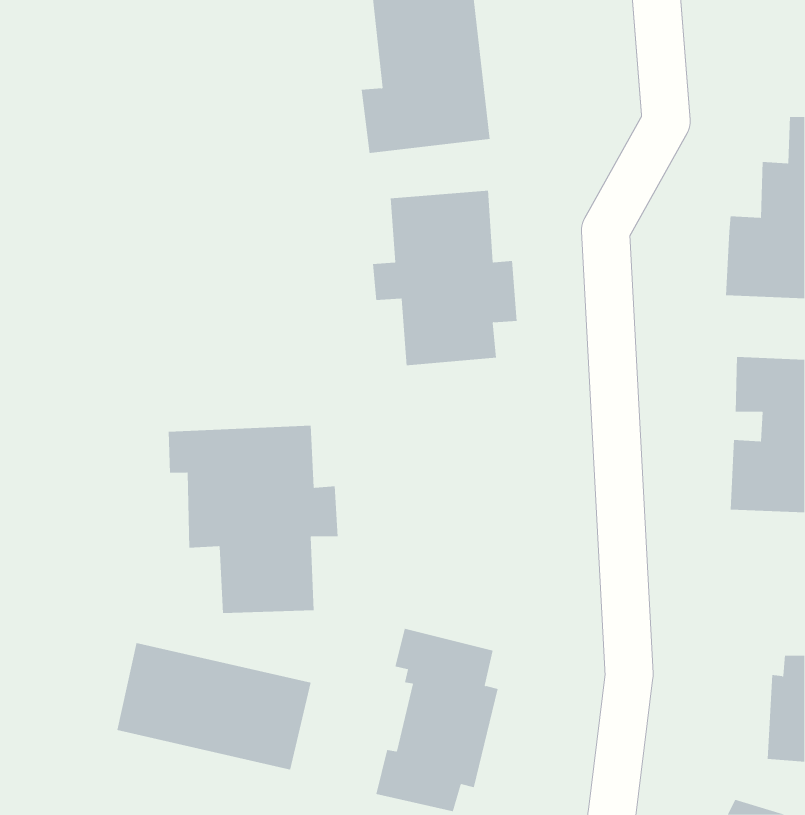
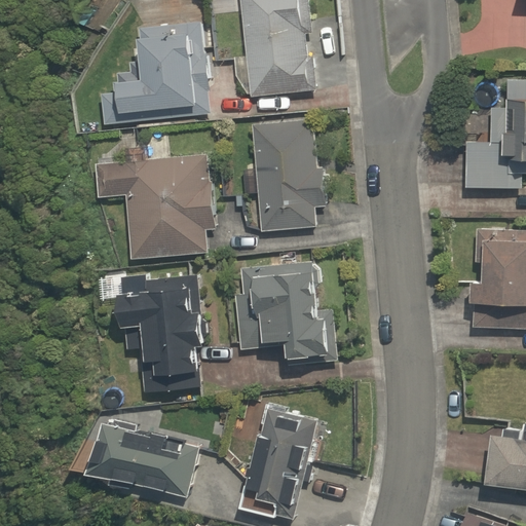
building: none -> [103,21,208,127]
building: none -> [95,151,222,260]
building: none -> [222,260,344,363]

